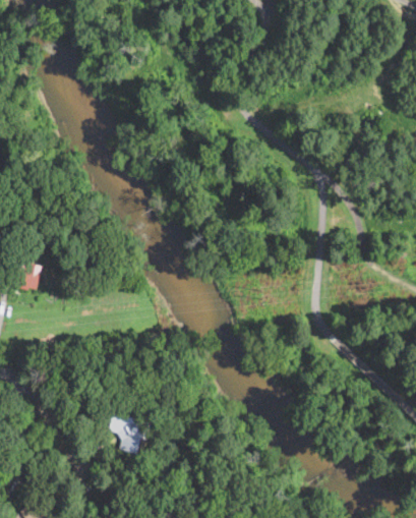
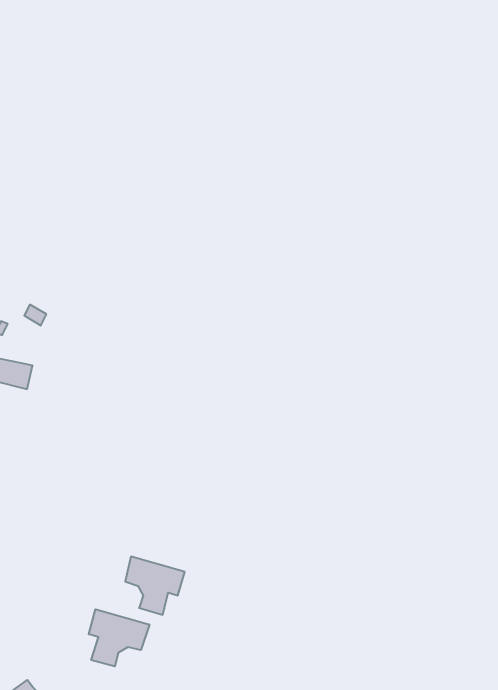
building: none -> [89,609,149,666]

